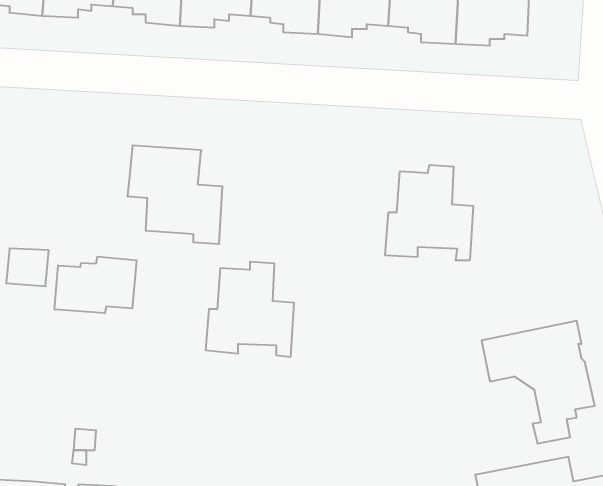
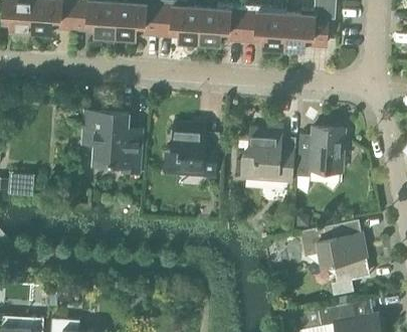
building: none -> [296,128,344,177]
building: [54,257,137,313] -> none
building: [206,262,294,357] -> [164,119,218,177]

